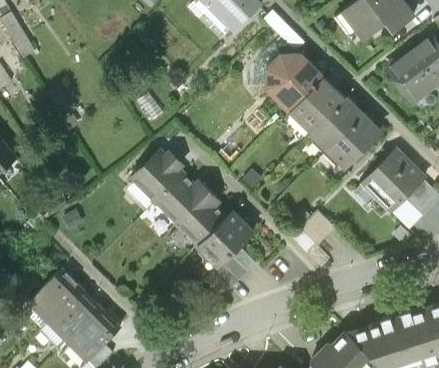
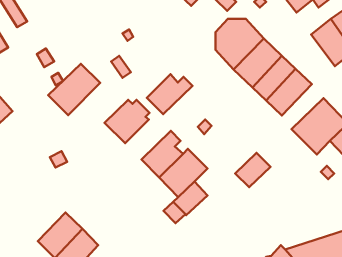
building: none -> [48,64,100,115]
building: [155,173,211,222] -> [147,74,193,114]
building: [27,267,82,322] -> none

